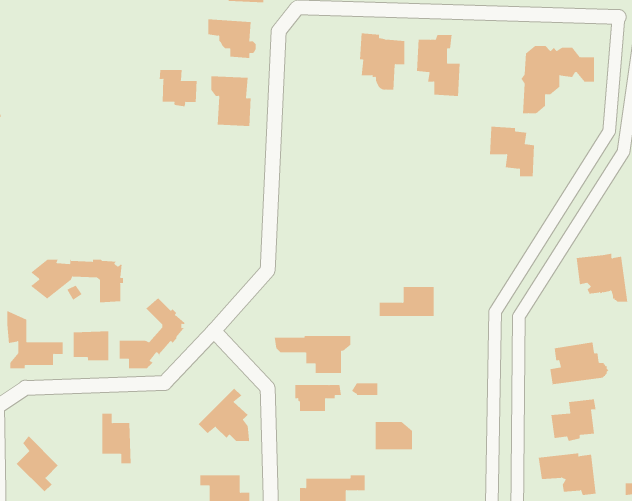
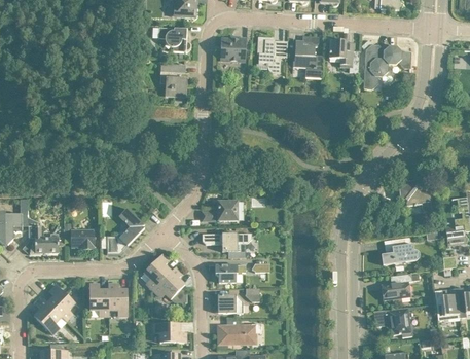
building: none -> [221,37,246,61]
building: [159,69,197,107] -> none
building: [489,126,535,177] -> [329,39,359,72]
building: [30,259,124,303] -> none
building: [379,286,434,317] -> [202,201,238,220]
building: none -> [143,253,176,290]
building: none -> [108,283,128,316]
building: none -> [42,284,75,321]
building: [375,421,413,450] -> [218,294,243,313]

